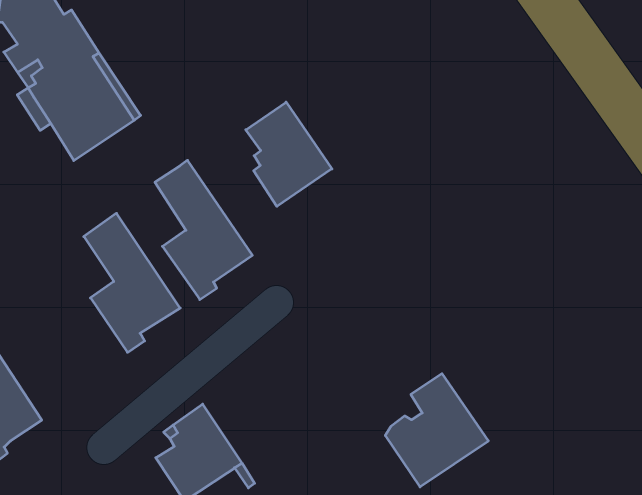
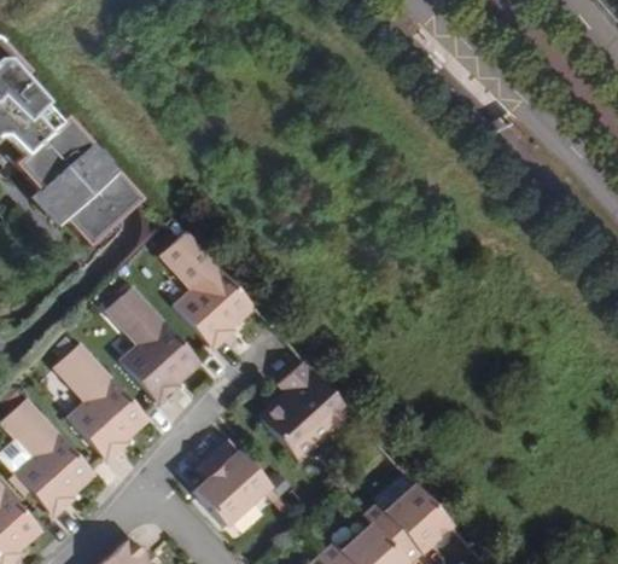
building: [246,102,332,206] -> none
building: none -> [54,343,147,460]
building: [385,374,488,487] -> [260,360,349,460]

